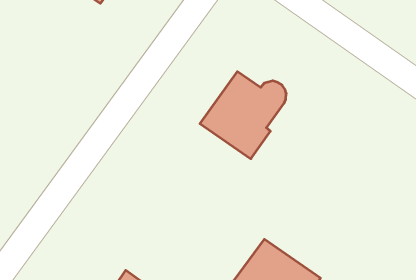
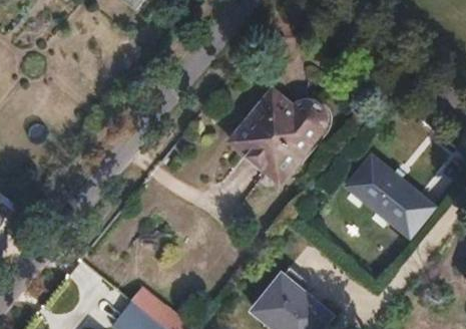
building: none -> [346,155,431,237]

